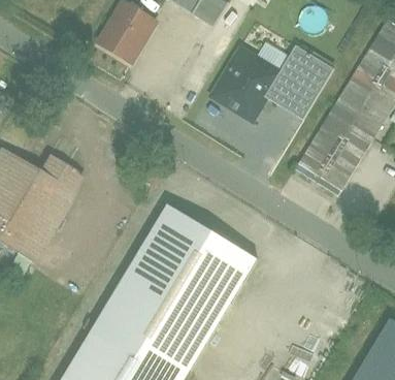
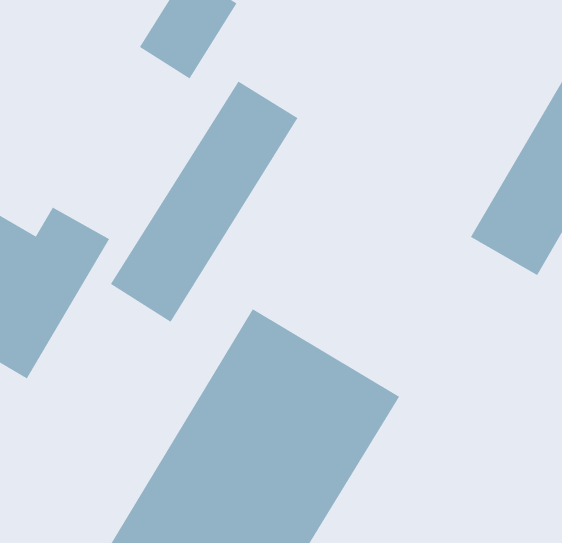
building: [206,39,327,120] -> none
building: none -> [110,81,299,323]

